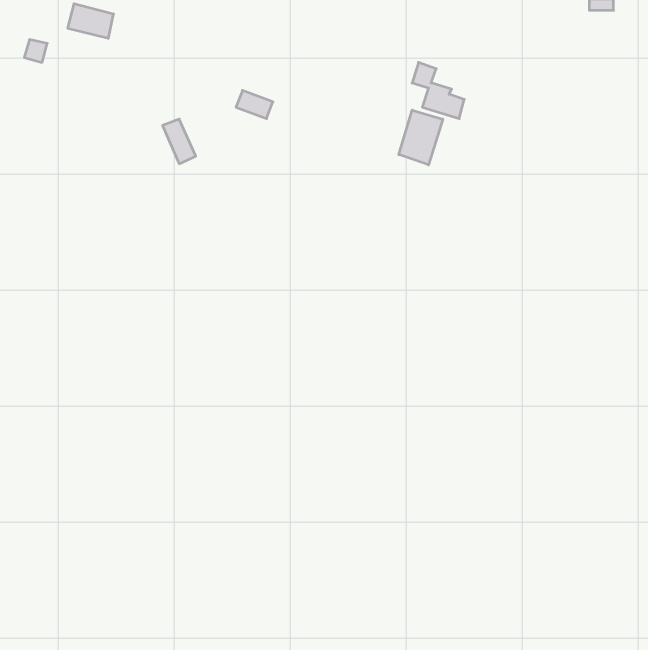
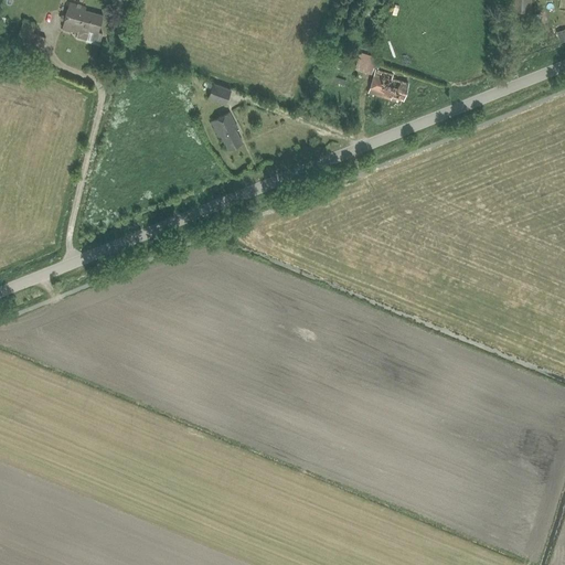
building: [399,110,443,165] -> none
building: [163,119,196,164] -> [213,111,242,150]

